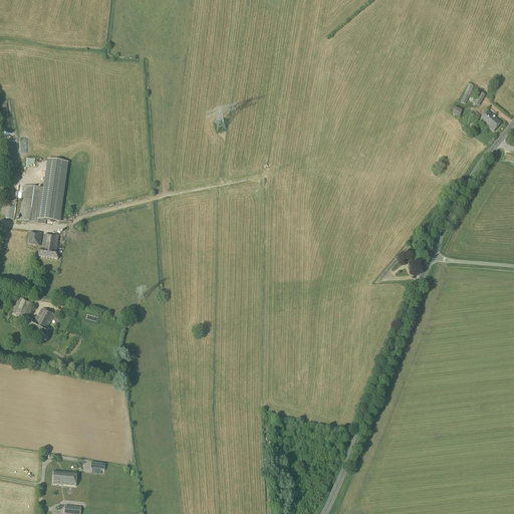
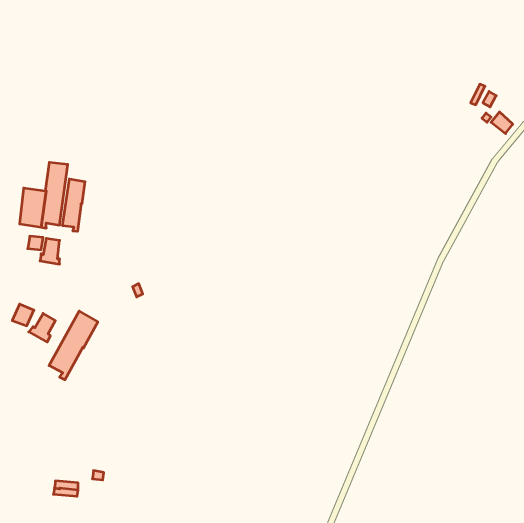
building: none -> [63,179,85,231]
building: none -> [49,311,98,380]

